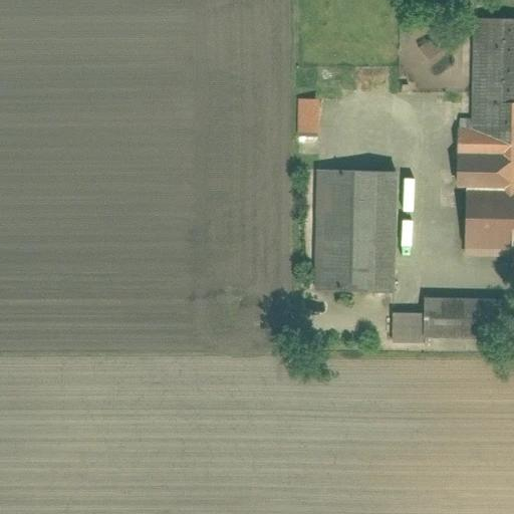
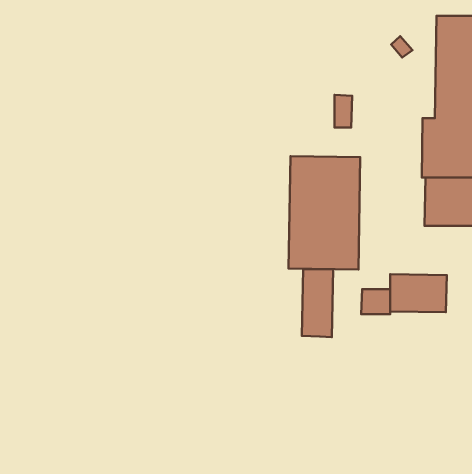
building: [300,98,319,134] -> [334,95,352,128]
building: none -> [302,269,333,337]

